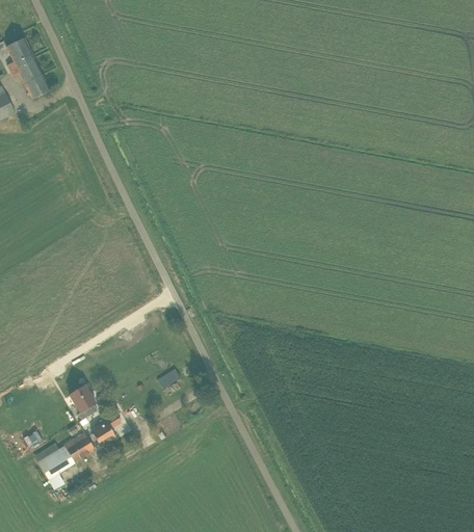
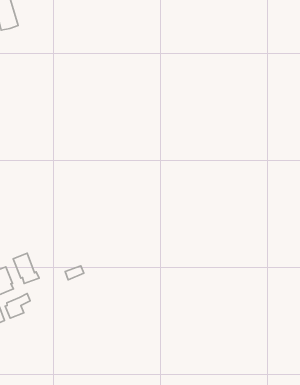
building: none -> [13,253,39,284]

